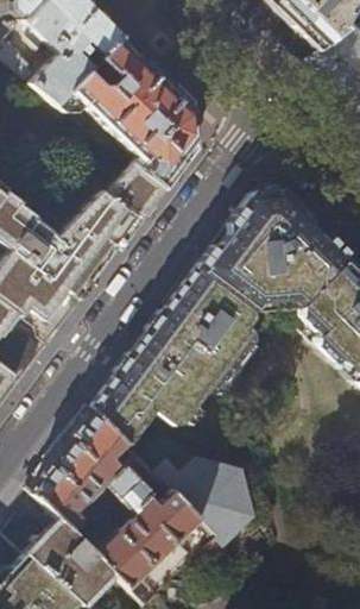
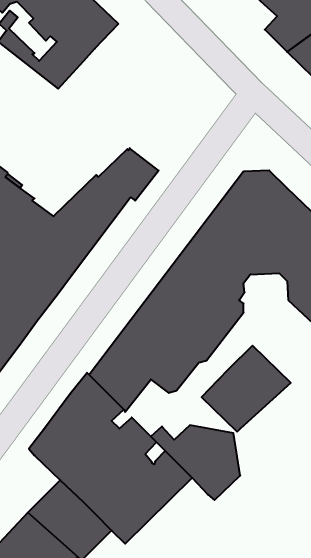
building: [62,31,200,187] -> none
building: none -> [202,346,291,432]

